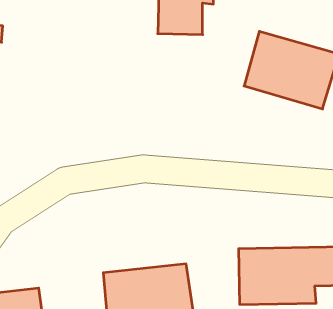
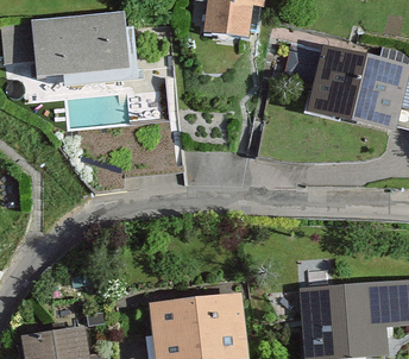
building: none -> [43,18,134,86]

